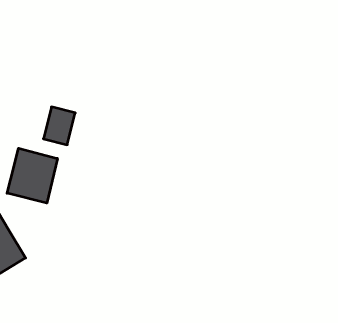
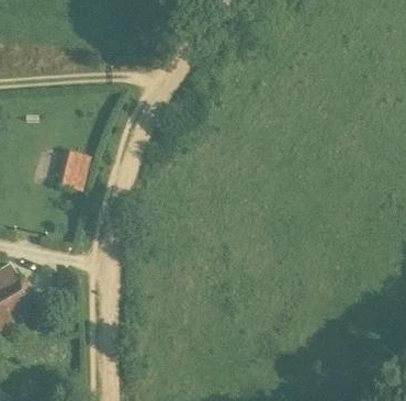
building: [7,148,57,203] -> none

